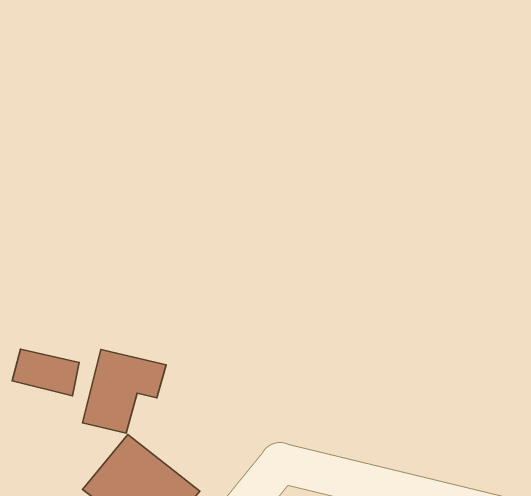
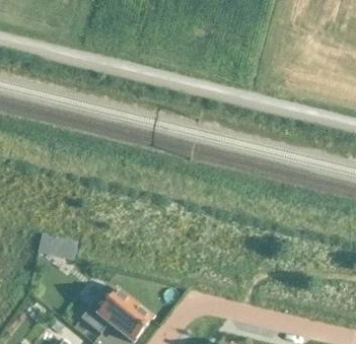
building: [82,349,166,433] -> none

